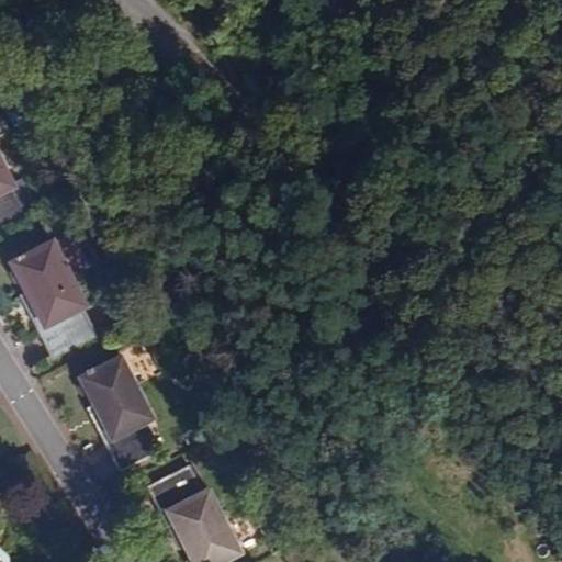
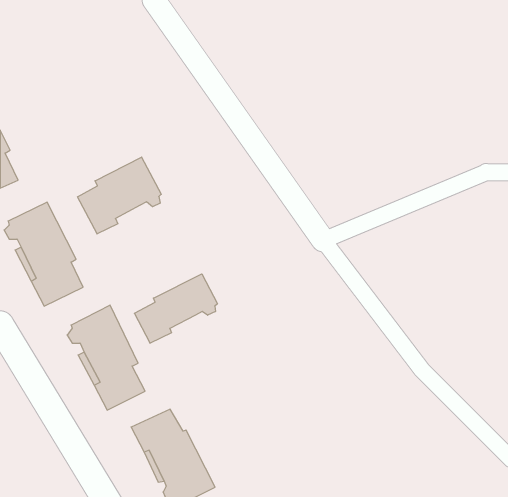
building: none -> [78,157,161,234]
building: none -> [134,274,217,343]

